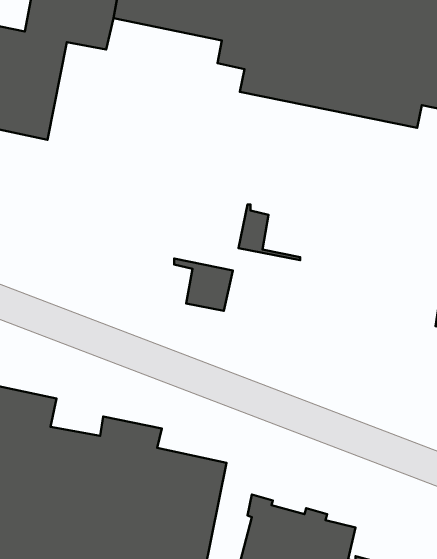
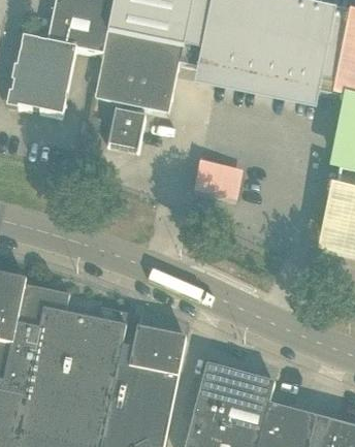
building: none -> [97,31,182,151]
building: [174,258,233,311] -> [201,159,241,195]

